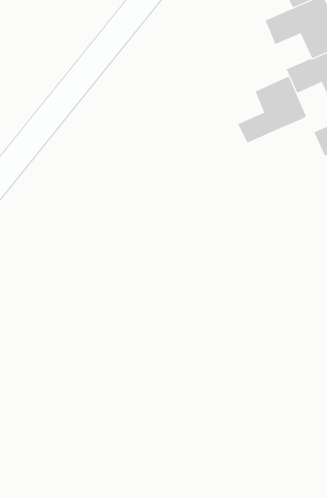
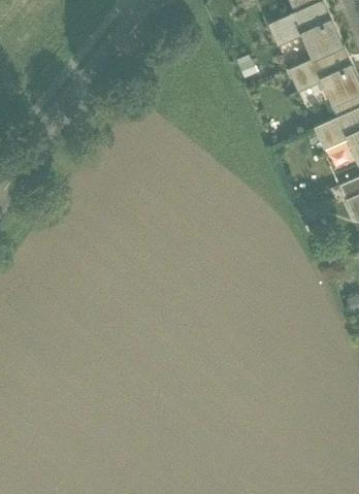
building: [238,76,307,143] -> none

